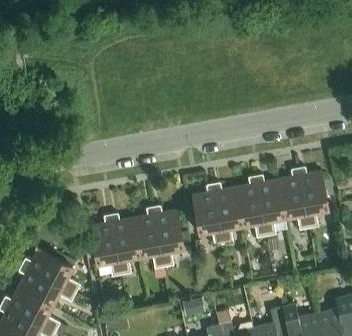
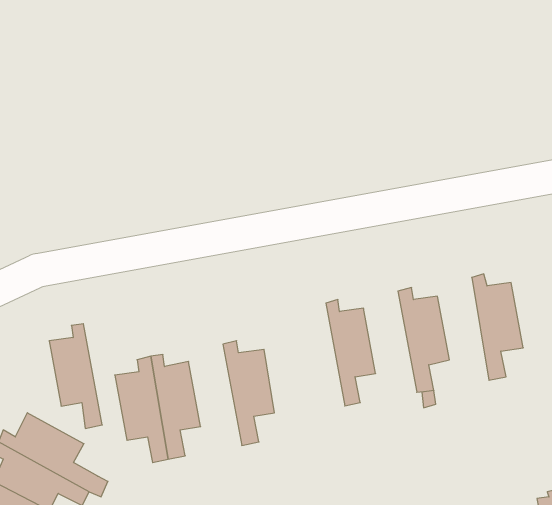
building: [278,168,308,229] -> none
building: [235,176,266,237] -> none
building: [192,183,224,245] -> none
building: [133,207,164,268] -> [49,324,102,428]

